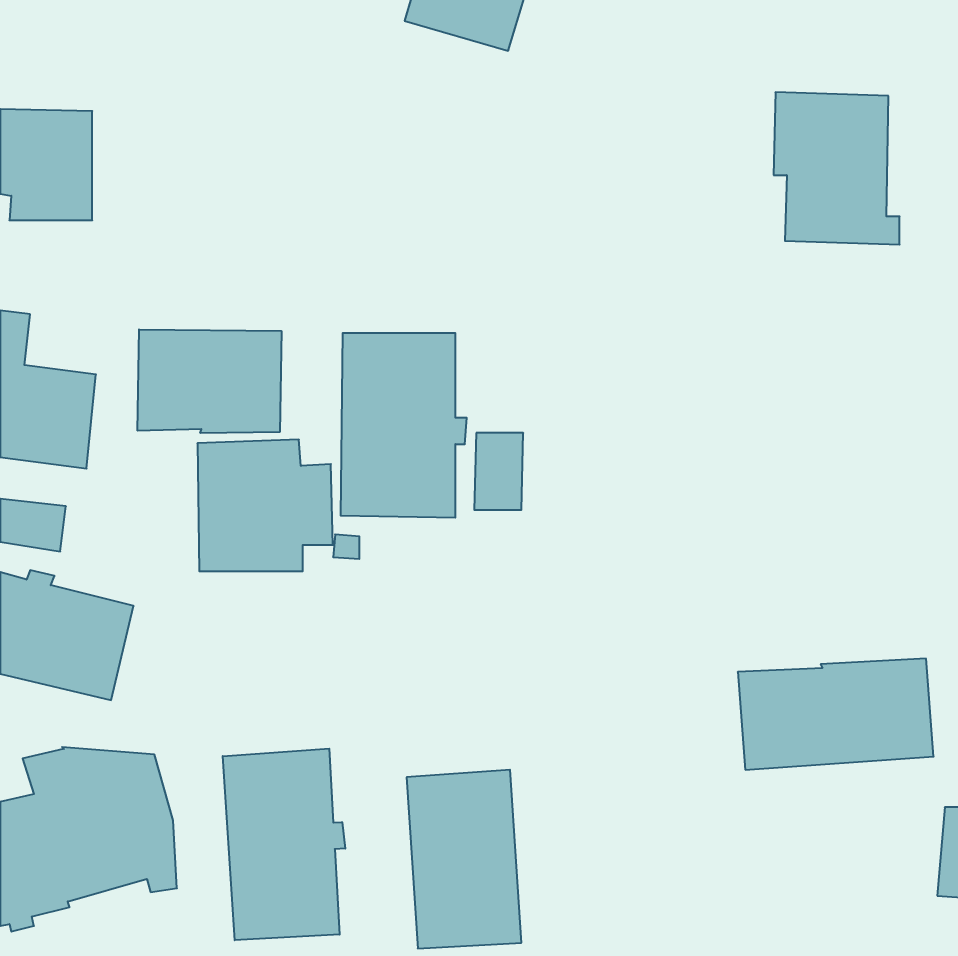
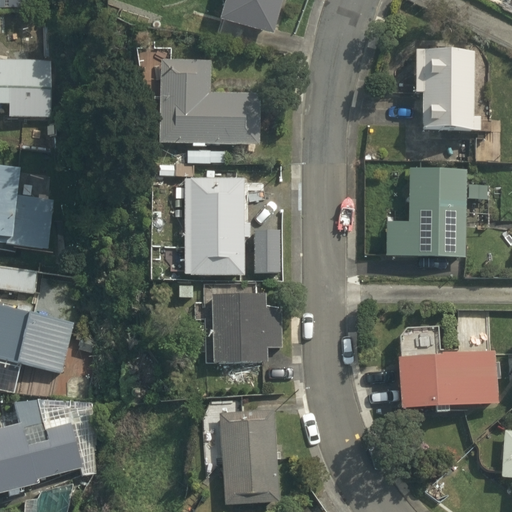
building: none -> [158,58,260,145]
building: none -> [384,167,488,257]
building: [138,329,281,433] -> none
building: [197,440,333,571] -> [211,291,283,361]
building: [223,749,345,940] -> none

